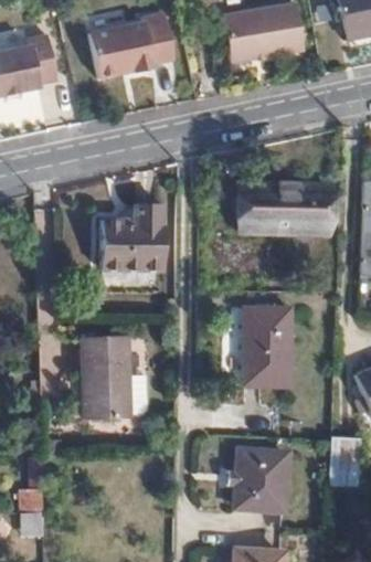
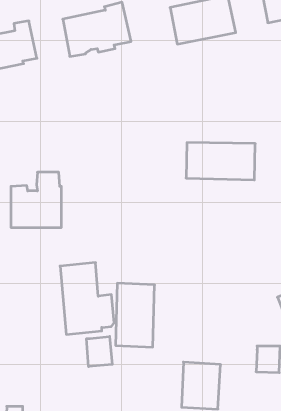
building: [103,201,166,269] -> [11,172,61,227]
building: [242,308,290,388] -> [116,283,155,347]
building: none -> [87,336,112,367]

